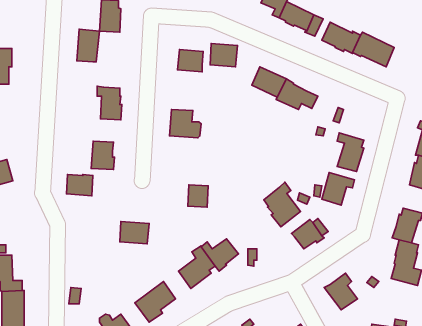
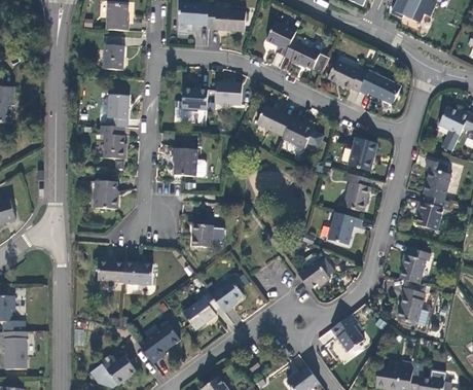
building: [77,29,99,62] -> [107,94,130,127]
building: none -> [349,138,377,171]
building: [66,174,93,196] -> [98,260,124,282]
building: [264,182,301,227] -> none

